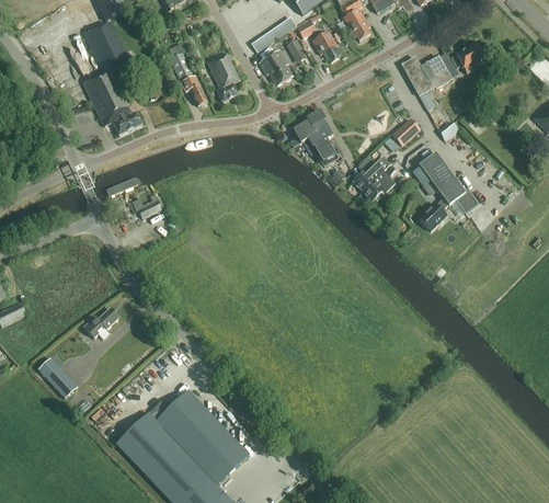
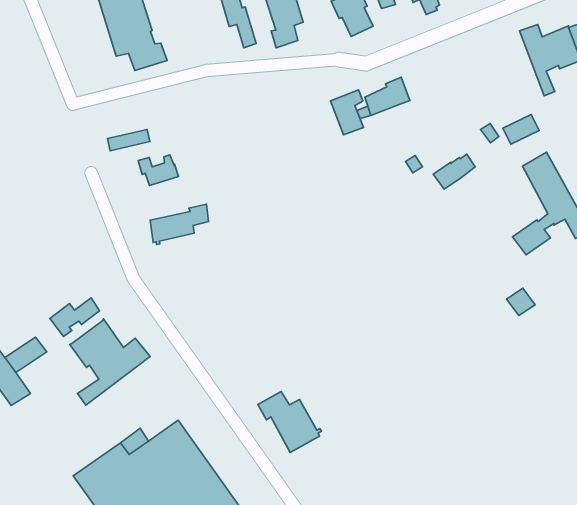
building: [308,127,335,162] -> [331,90,364,135]
building: [363,170,396,199] -> none
building: none -> [150,204,209,244]
building: none -> [70,319,150,405]
building: none -> [258,392,321,453]

